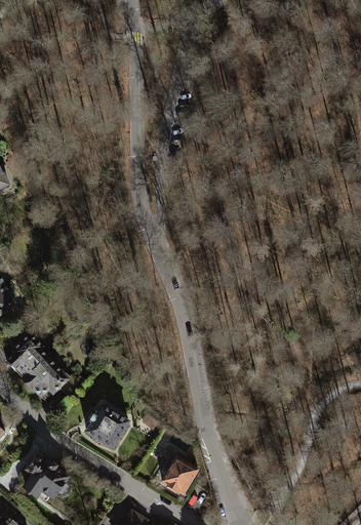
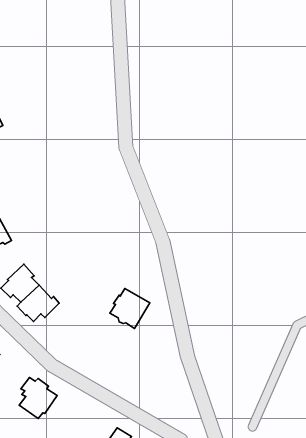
building: [86,405,129,448] -> [110,288,150,328]
building: [162,454,198,493] -> none

